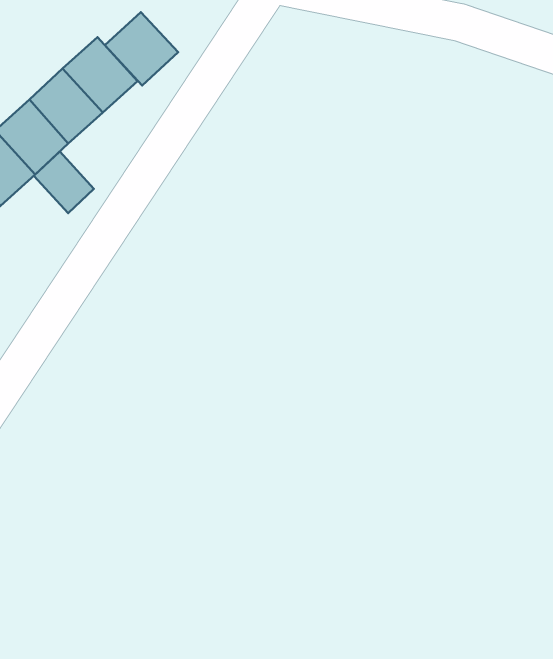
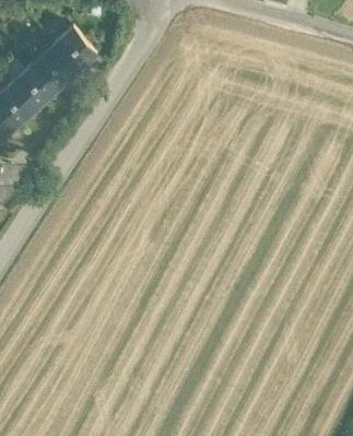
building: [105,12,178,85] -> none
building: [34,151,94,213] -> none

